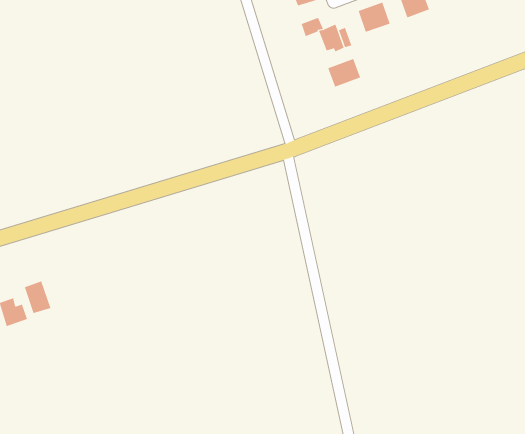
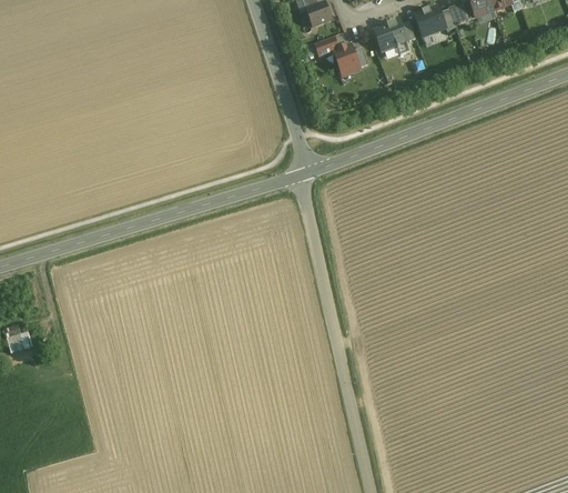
building: [328,58,361,87] -> none
building: [24,280,51,314] -> none

